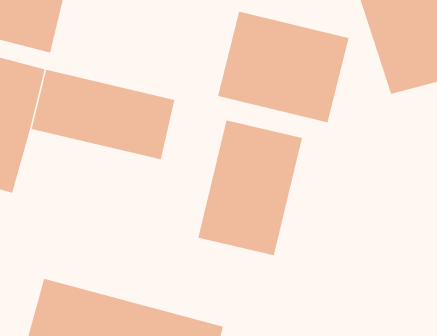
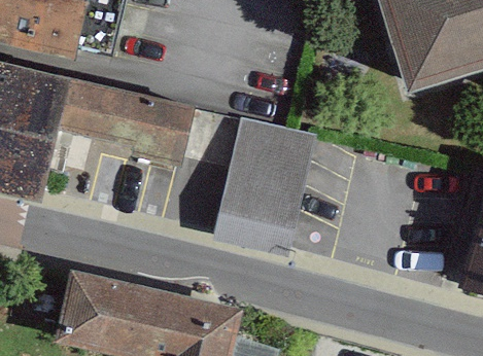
building: [218,11,349,123] -> none

